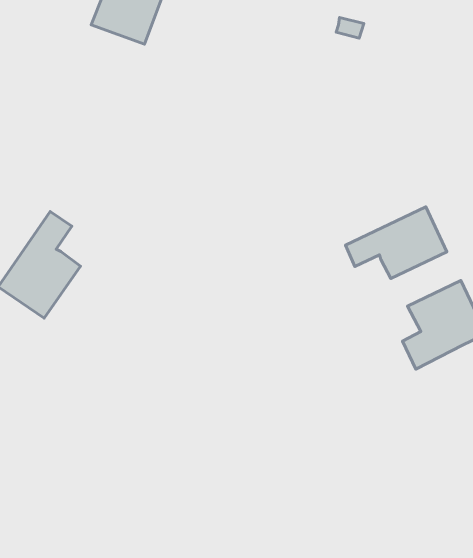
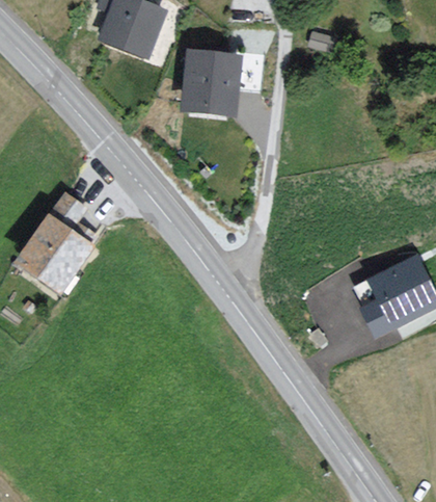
building: none -> [186,52,238,112]
building: [345,207,447,279] -> none

